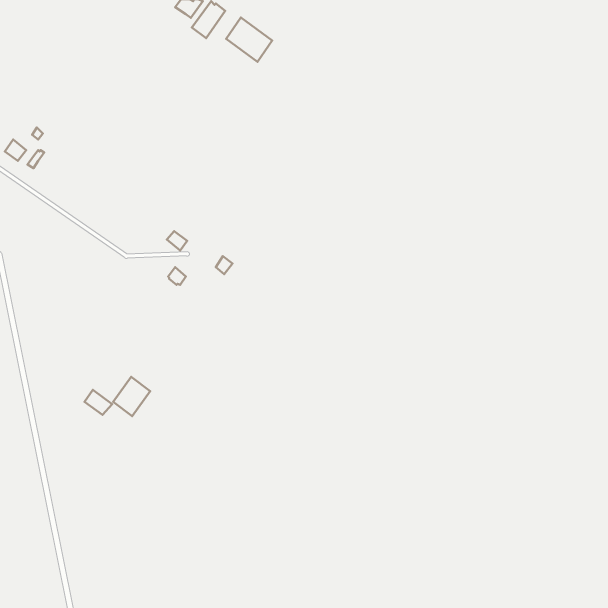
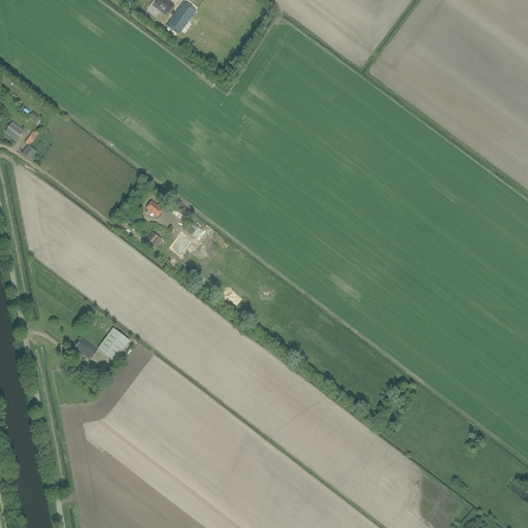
building: [226,17,272,62] -> none

